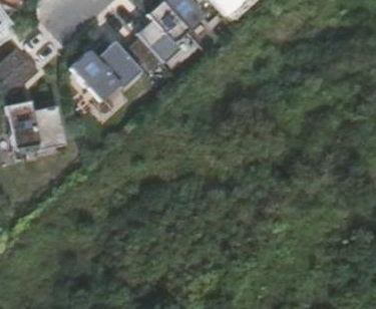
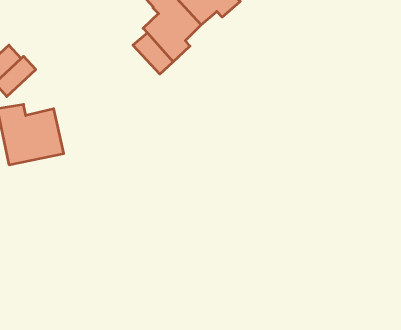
building: [71,39,143,99] -> none

